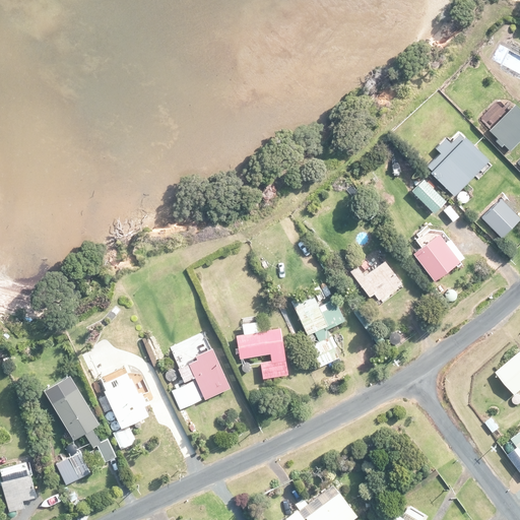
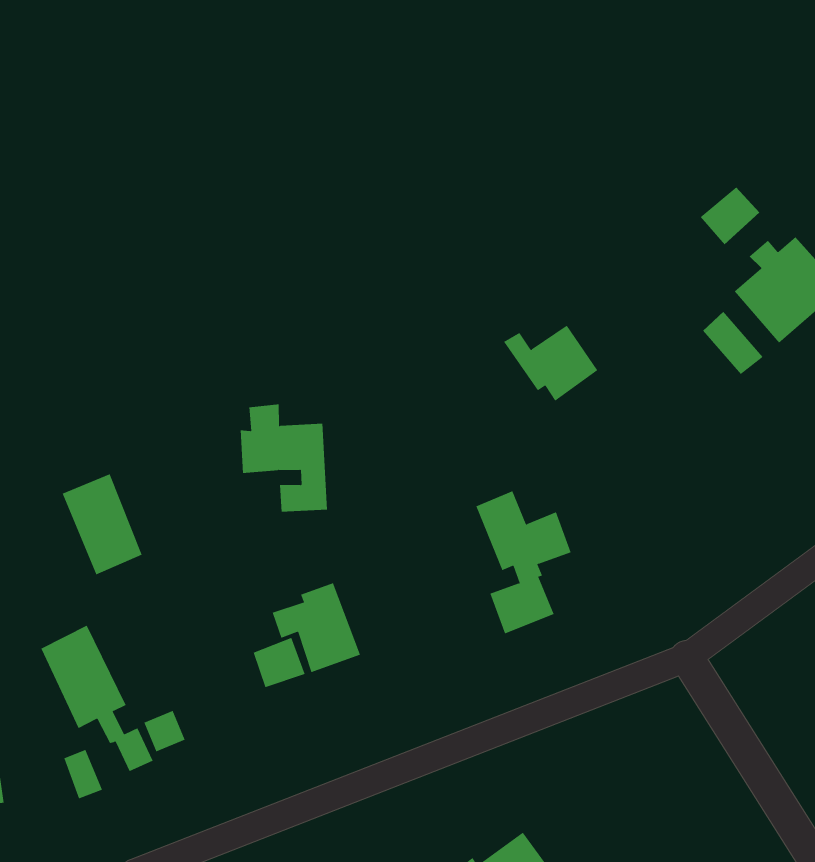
building: none -> [700,186,760,245]
building: [411,234,464,283] -> none
building: [348,260,403,304] -> [503,325,598,401]
building: [235,318,287,379] -> [240,404,328,512]
building: [101,369,148,427] -> [62,473,142,575]

